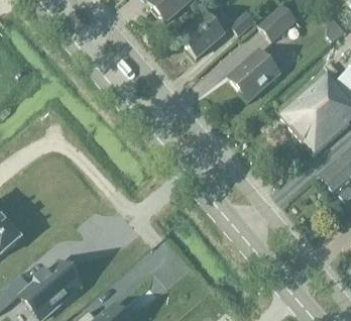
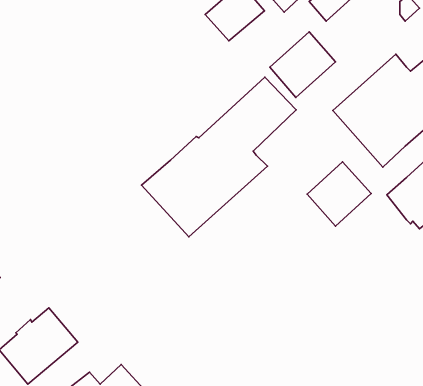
building: none -> [141,77,296,237]
building: none -> [307,162,371,226]

